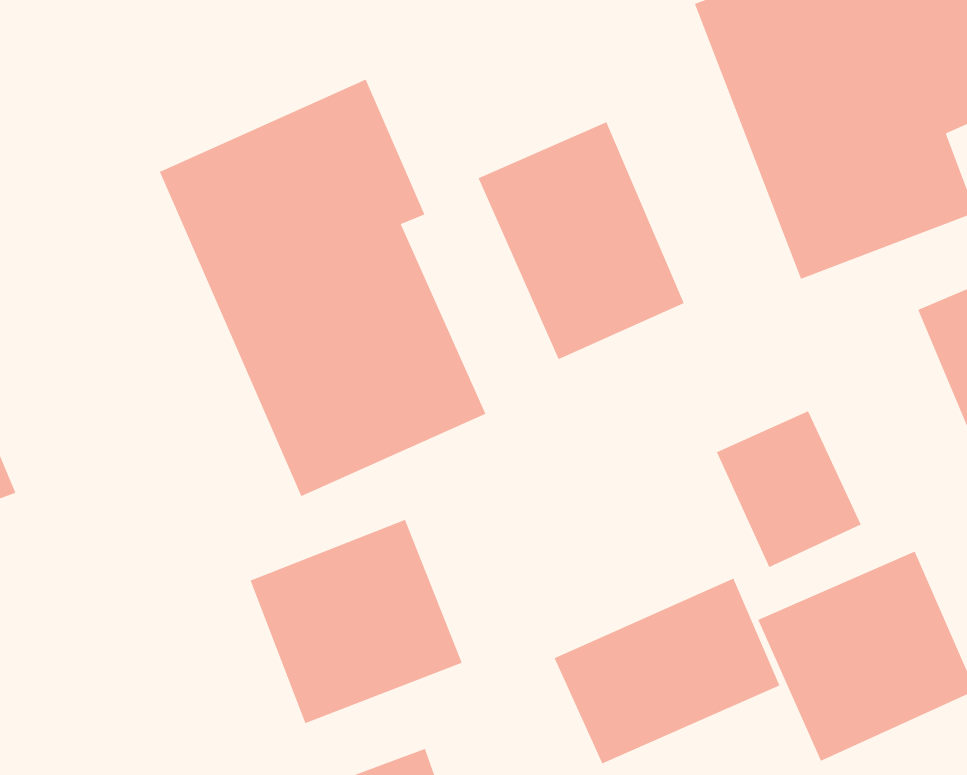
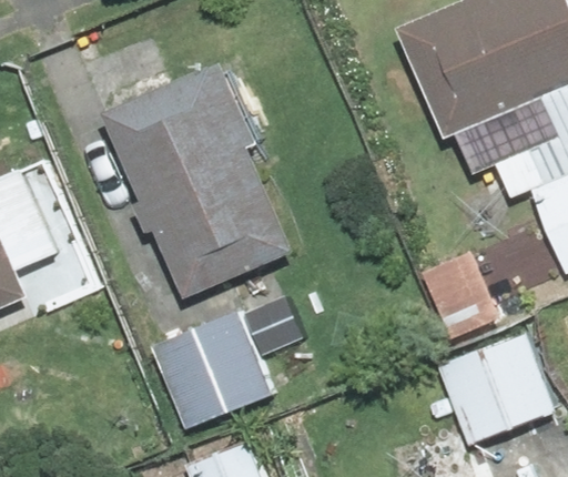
building: [478,121,685,360] -> none
building: [554,578,780,765] -> none

